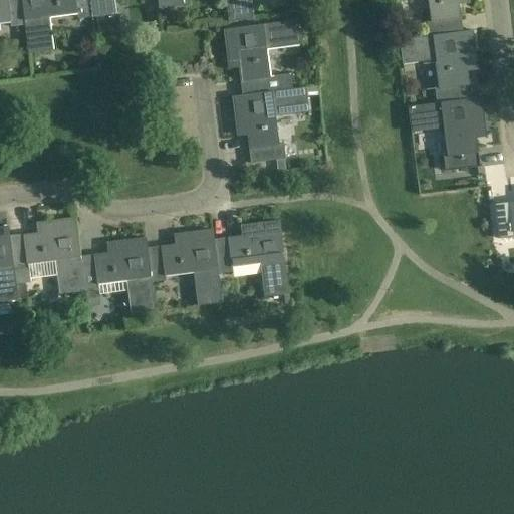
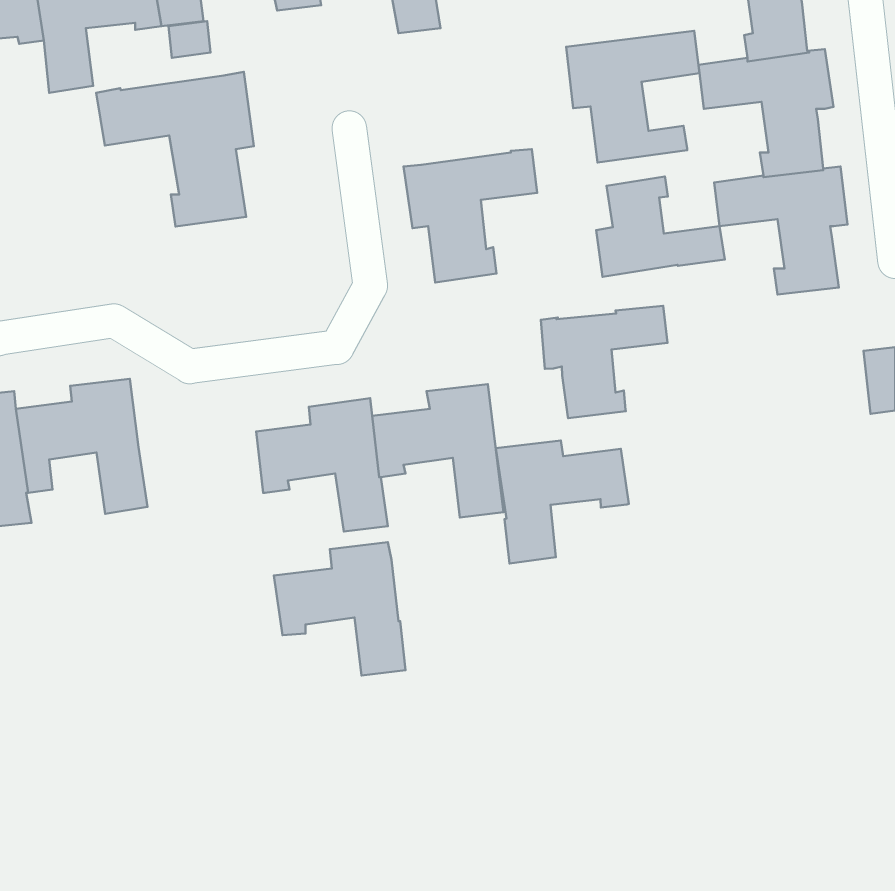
building: [223,19,299,94] -> [566,31,699,163]
building: none -> [96,72,254,226]
building: none -> [596,177,725,277]
building: none -> [541,306,667,418]
building: [79,237,155,313] -> [274,542,405,675]
building: none -> [496,441,629,563]

